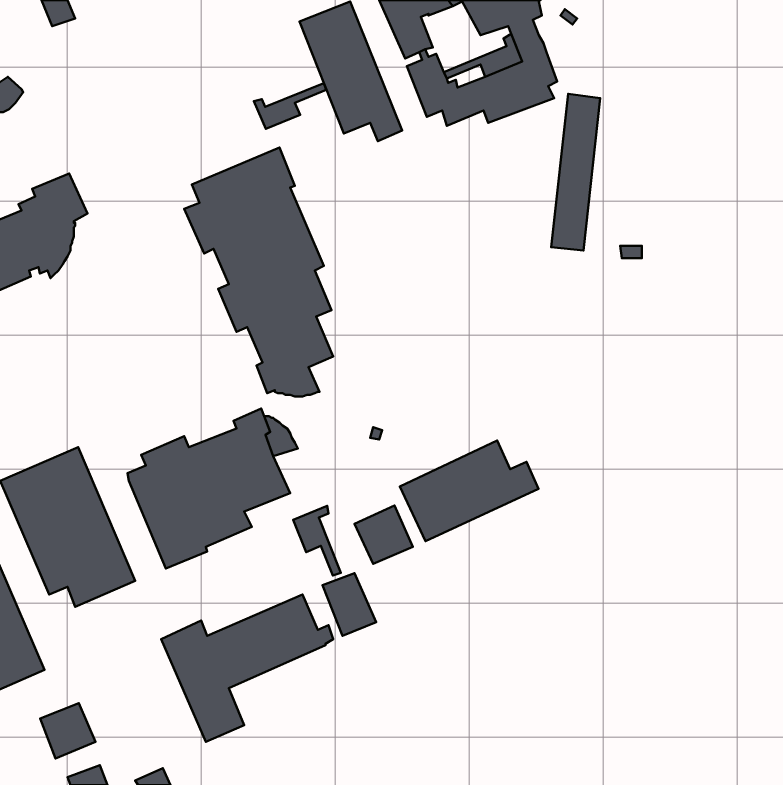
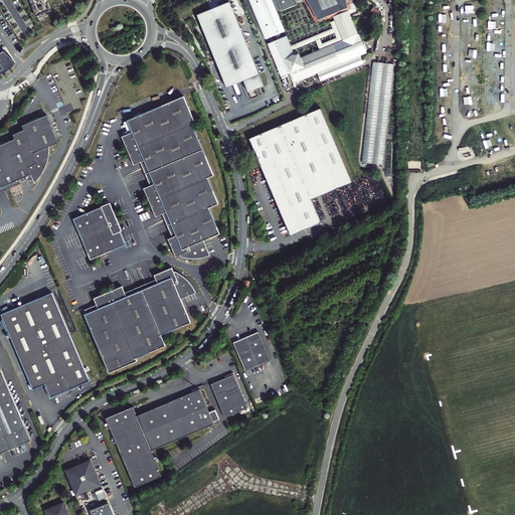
building: [254,83,326,129] -> none
building: none -> [248,108,351,234]
building: none -> [72,203,125,259]
building: [400,441,538,541] -> none
building: [293,506,341,576] -> none
building: [40,703,96,759] -> [65,459,102,495]

